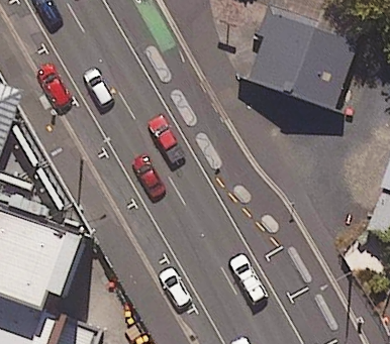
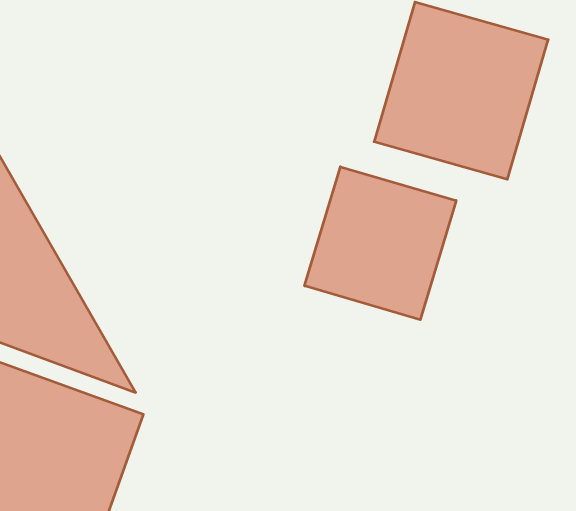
building: none -> [305,167,456,320]

